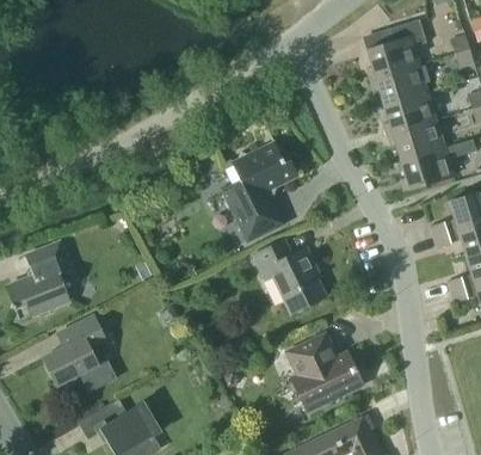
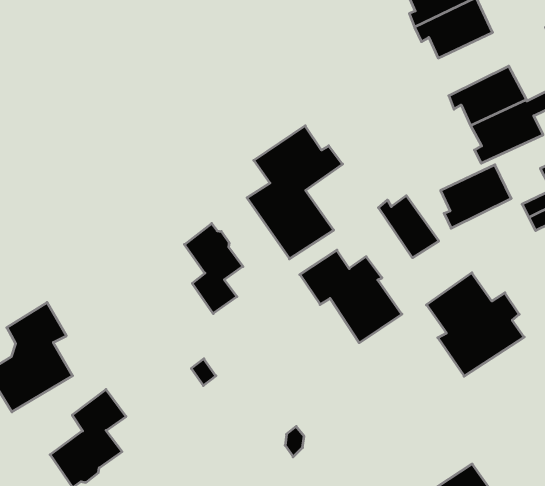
building: [383,92,436,135] -> [441,165,511,228]
building: none -> [184,223,243,314]
building: none -> [378,196,439,258]
building: [286,332,357,410] -> [426,273,524,376]

